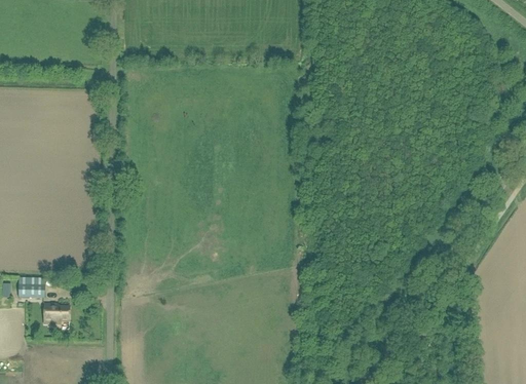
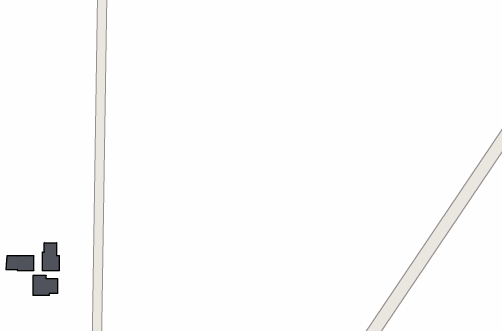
building: none -> [42,243,59,271]

